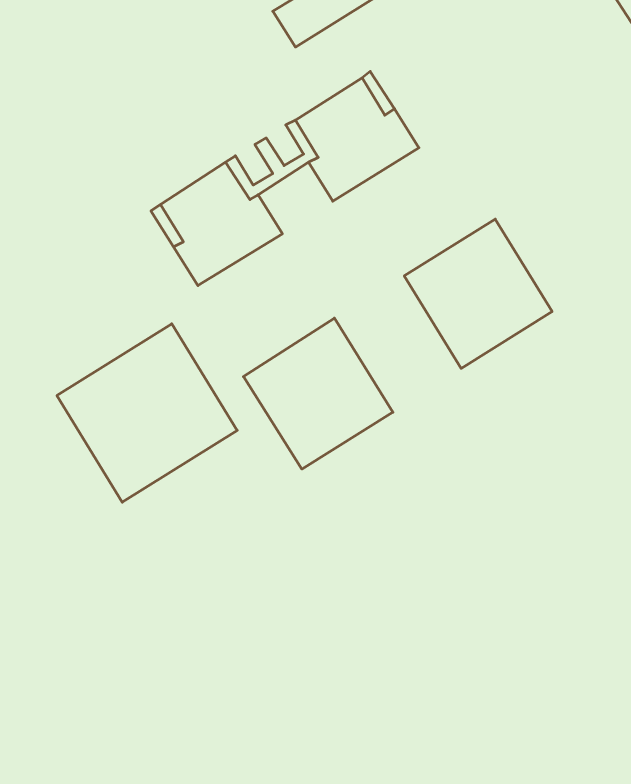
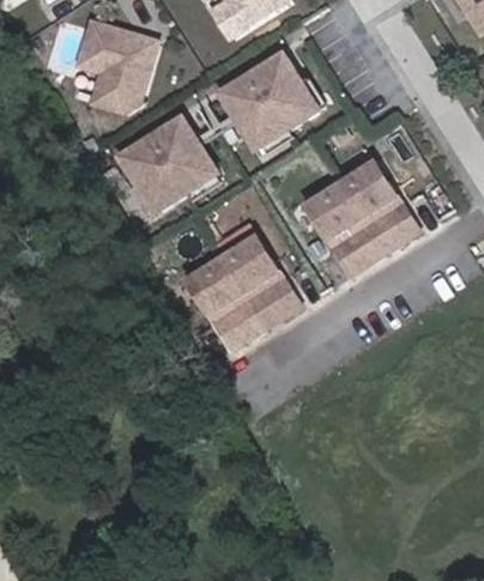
building: none -> [79,22,156,110]
building: [57,324,237,502] -> none

